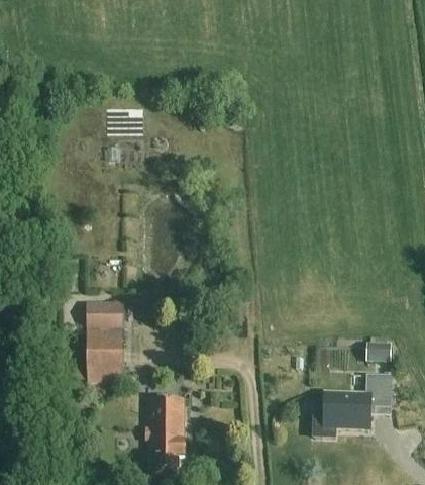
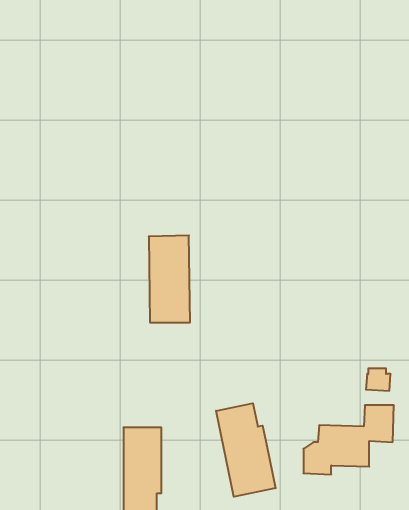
building: [87,301,124,380] -> [149,235,190,322]
building: none -> [216,403,276,497]

